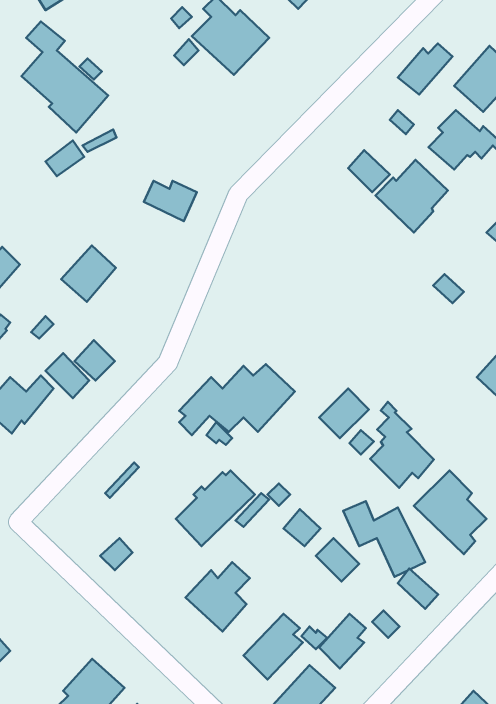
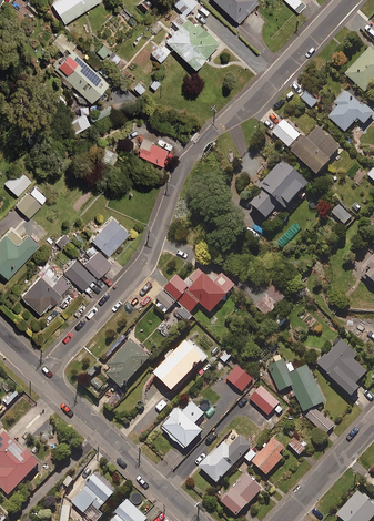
building: [398,43,453,94] -> none
building: none -> [250,159,307,217]
building: [61,245,116,302] -> [89,215,127,254]
building: [370,402,434,488] -> none
building: none -> [105,338,149,387]

